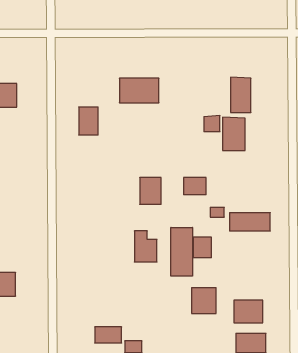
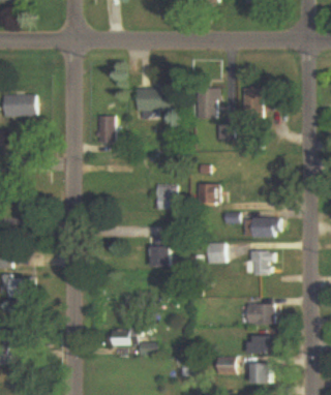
building: [223,117,245,150] -> [197,87,218,119]
building: [171,227,192,276] -> none
building: [192,288,216,313] -> [251,250,275,275]

